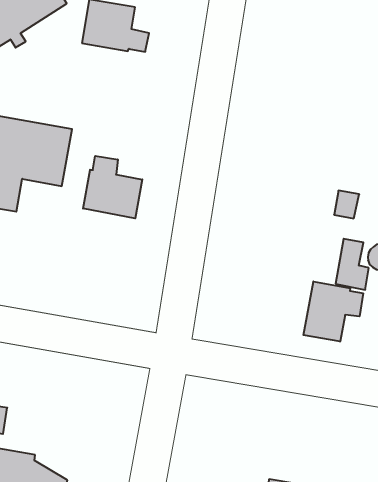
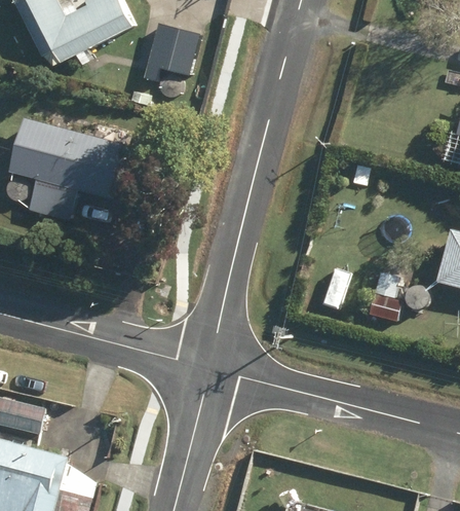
building: [83,156,142,218] -> none
building: [303,281,363,342] -> none

